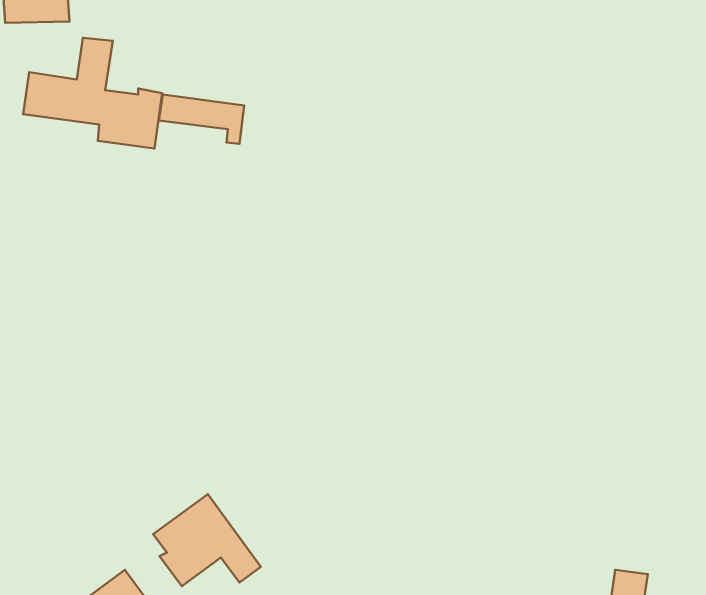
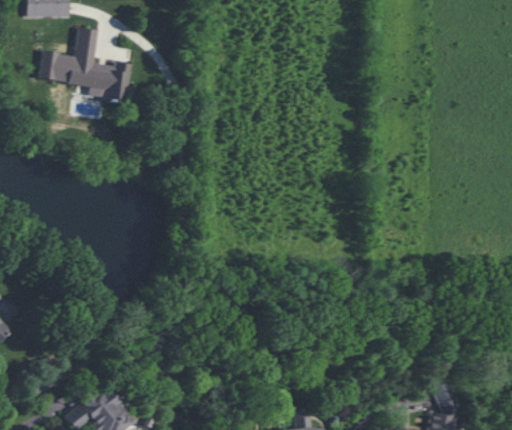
building: [159,95,244,144] -> none
building: [153,494,261,586] -> none

